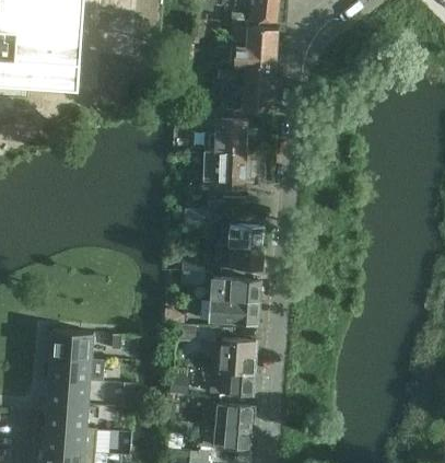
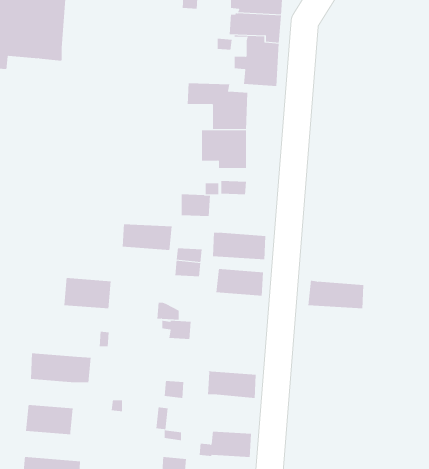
building: [219,227,265,251] -> [122,224,172,250]
building: [208,301,259,327] -> [308,280,364,309]
building: [49,332,93,360] -> [63,278,112,309]
building: [209,342,257,377] -> none
building: [46,381,89,407] -> none
building: [200,405,251,430] -> none
building: [43,428,96,455] -> none

